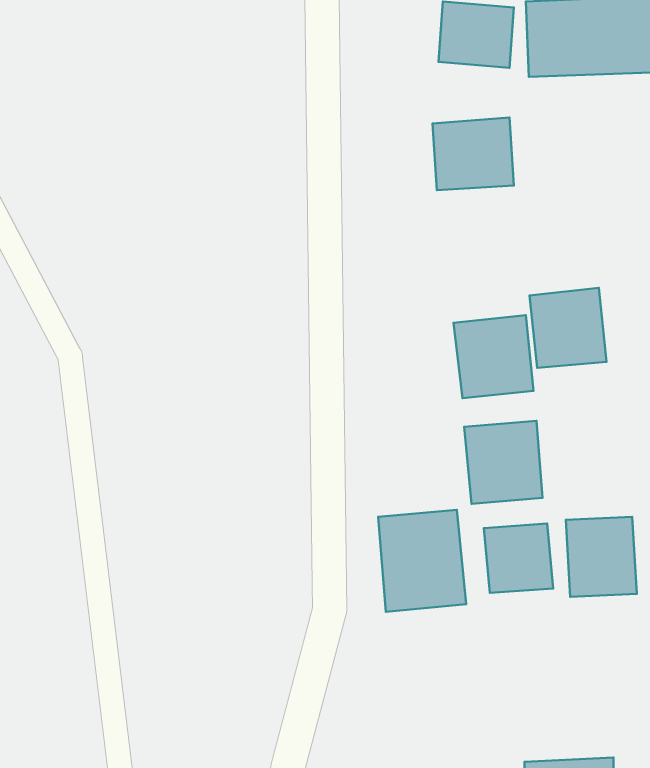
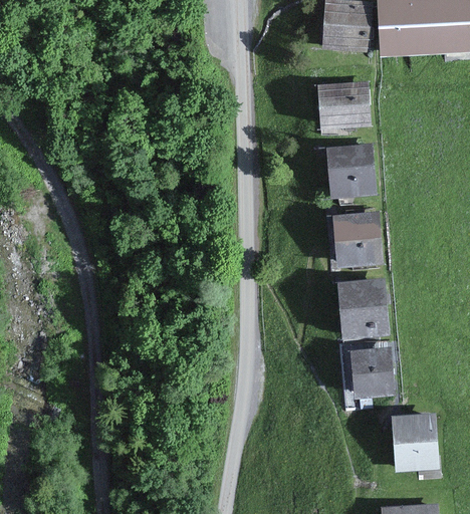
building: [530,288,607,368] -> [324,145,376,198]
building: [378,510,466,612] -> none
building: [566,517,637,597] -> [390,414,437,467]

